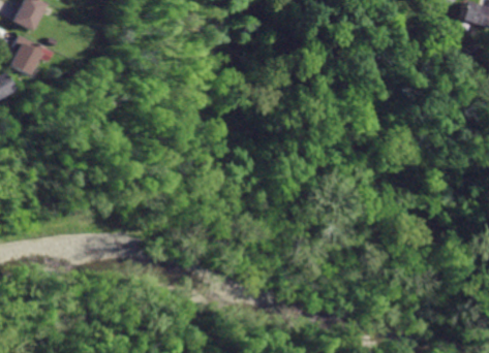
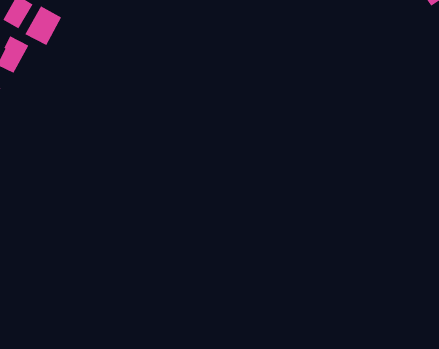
building: none -> [25,6,62,46]

